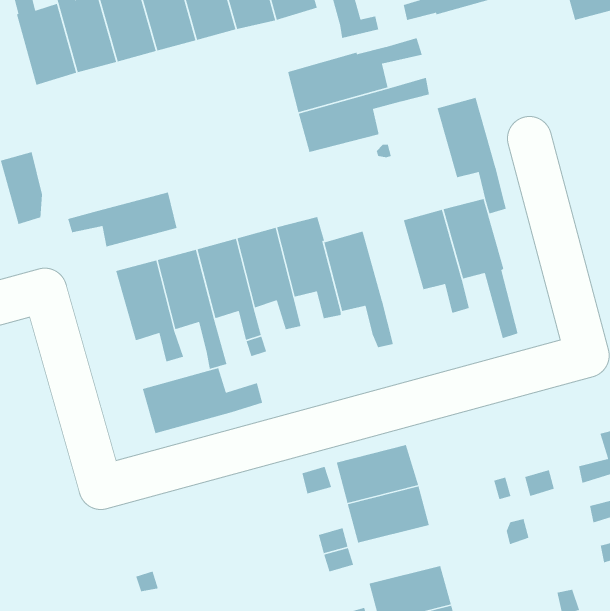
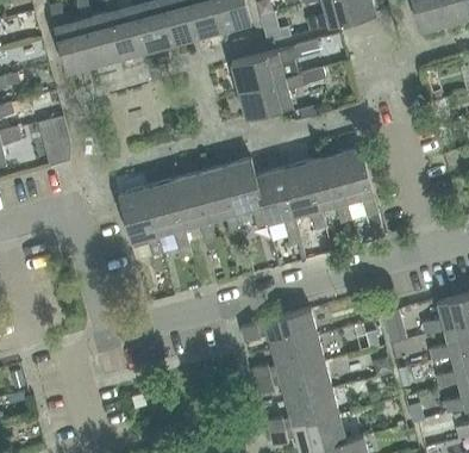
building: [436,97,507,214] -> [281,162,327,240]
building: [67,192,178,248] -> none
building: [142,367,263,434] -> none
building: none -> [277,364,332,402]

